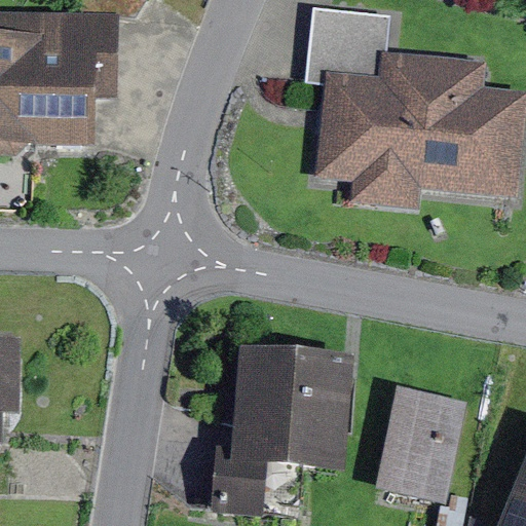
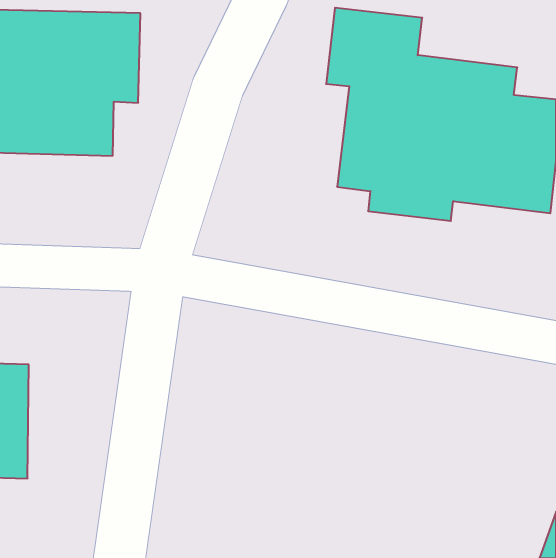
building: [205,350,344,515] -> none
building: [377,387,469,499] -> none

